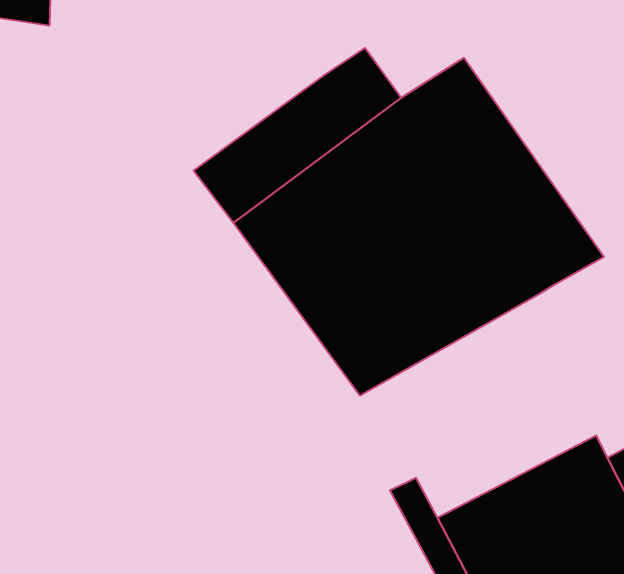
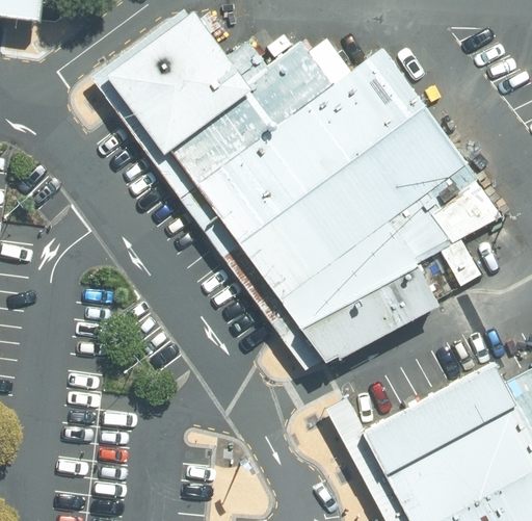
building: none -> [108,8,269,142]
building: none -> [299,244,474,363]

